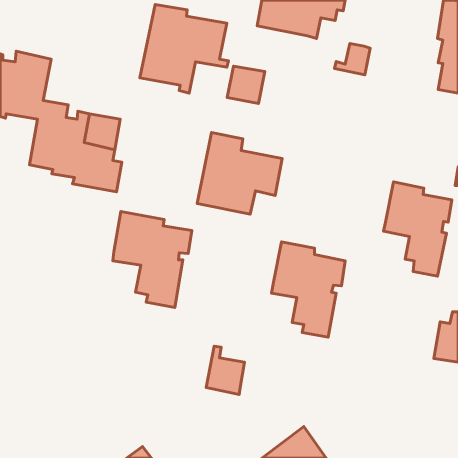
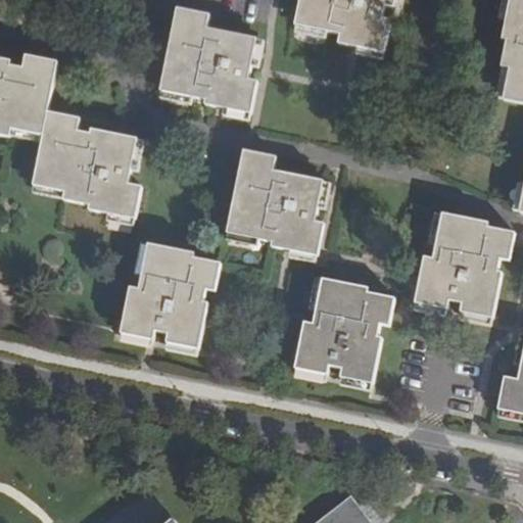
building: [334,44,370,75] -> [348,20,389,56]
building: [227,66,265,104] -> [216,70,258,113]
building: none -> [283,218,324,256]
building: none -> [419,252,467,310]
building: none -> [111,284,160,339]
building: [206,346,245,395] -> [294,321,338,376]

